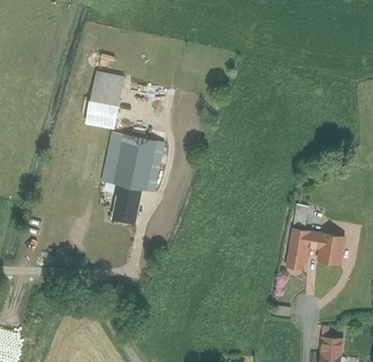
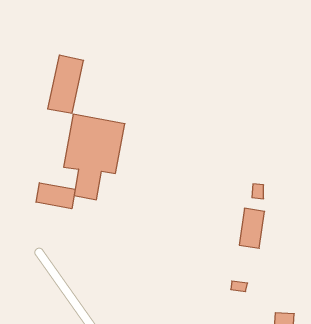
building: none -> [36,183,75,209]
building: [318,234,344,264] -> none

